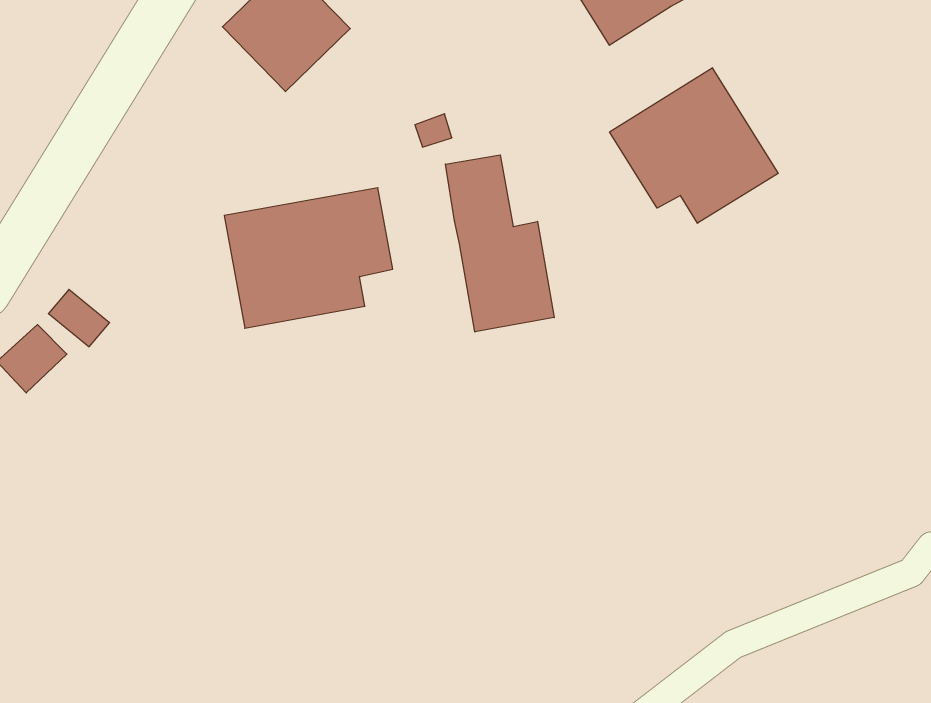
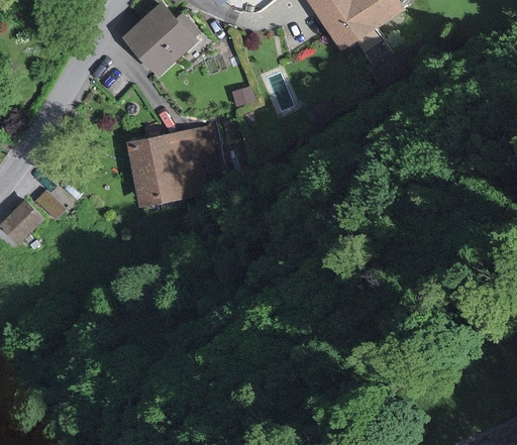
building: [610,68,778,223] -> none
building: [445,155,554,332] -> none

